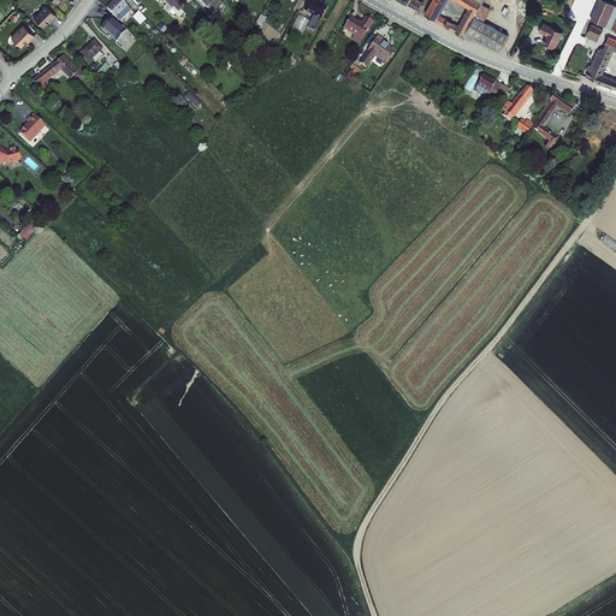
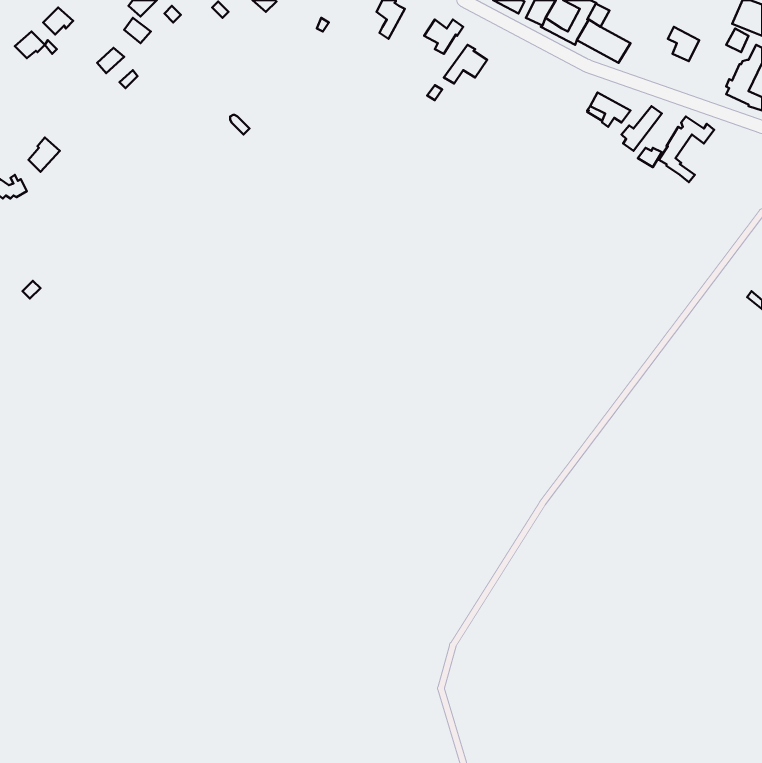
building: [35,52,84,85] -> none

